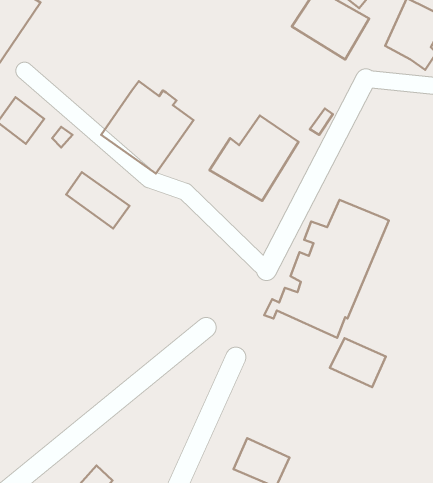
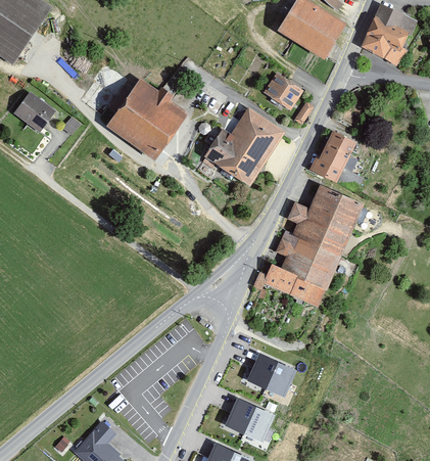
building: none -> [264,73,302,110]
building: none -> [309,129,364,191]
building: [66,172,130,228] -> none
building: [330,338,386,387] -> [246,353,296,397]

